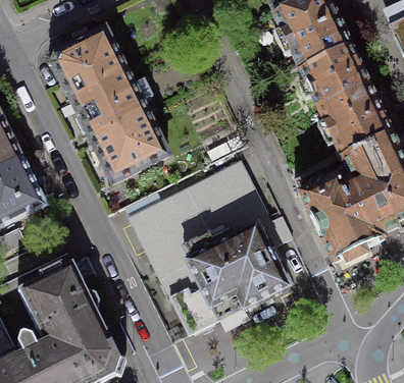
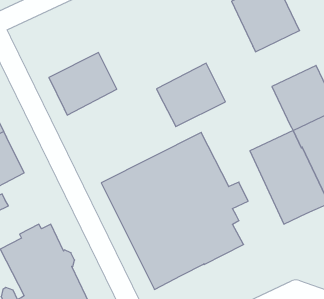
building: [53,30,127,99] -> none
building: [301,47,368,109] -> none
building: [92,112,168,182] -> [157,63,225,127]

